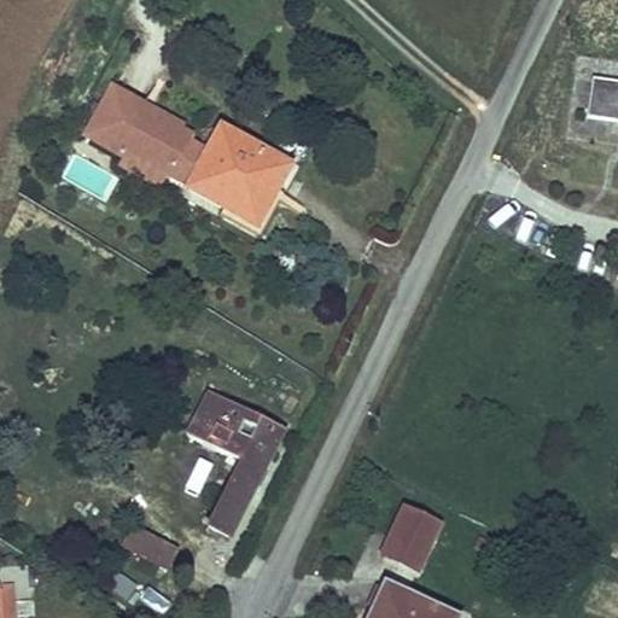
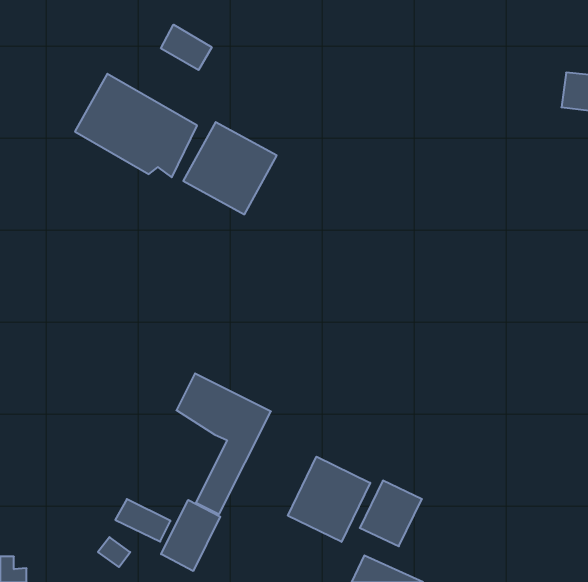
building: none -> [161,25,212,70]
building: none -> [288,457,370,542]
building: none -> [161,500,220,571]

